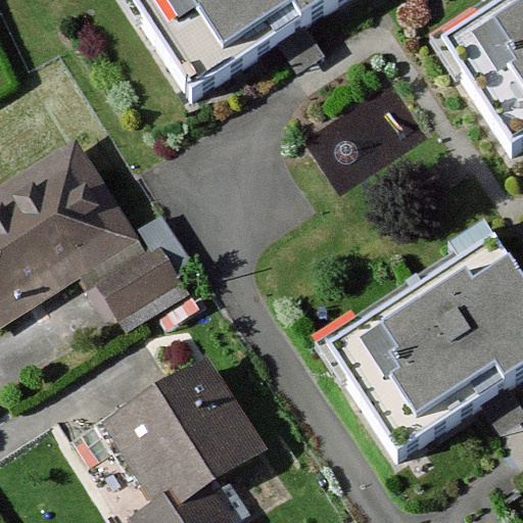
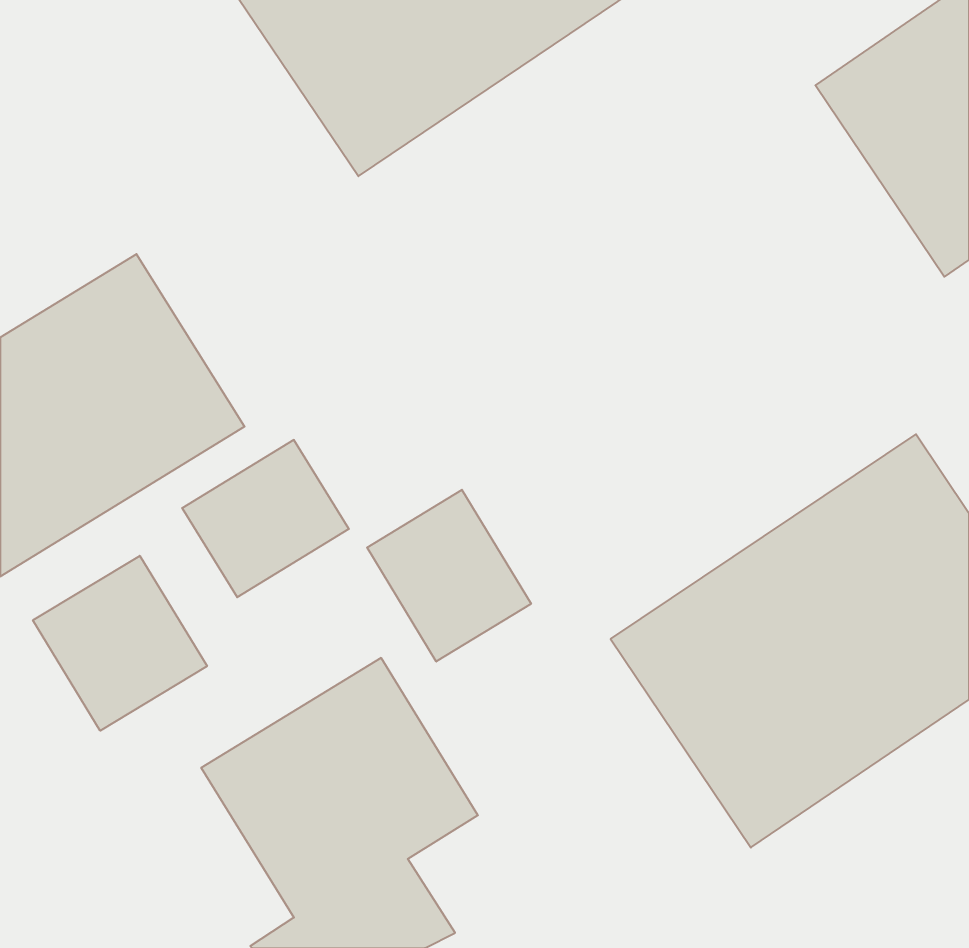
building: none -> [367,490,531,662]
building: none -> [33,556,207,731]

